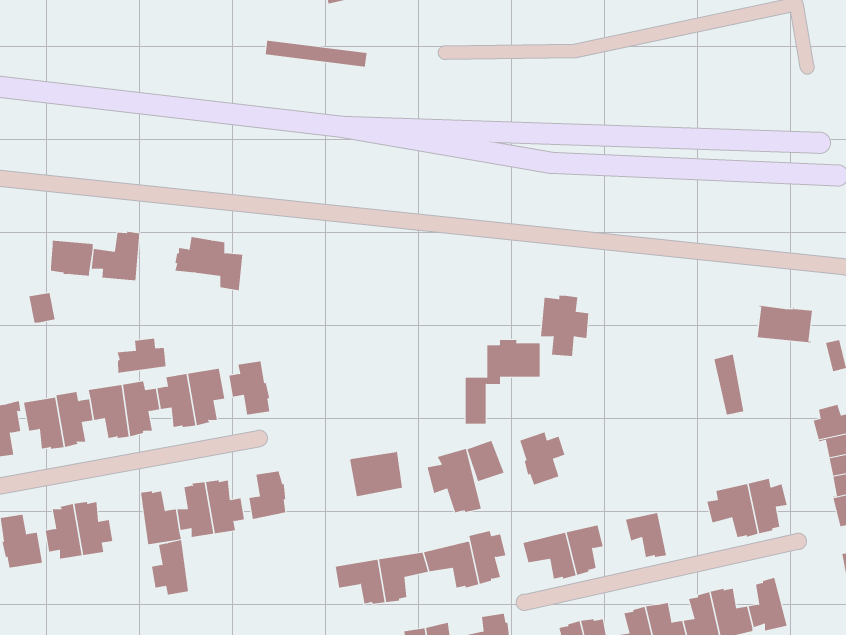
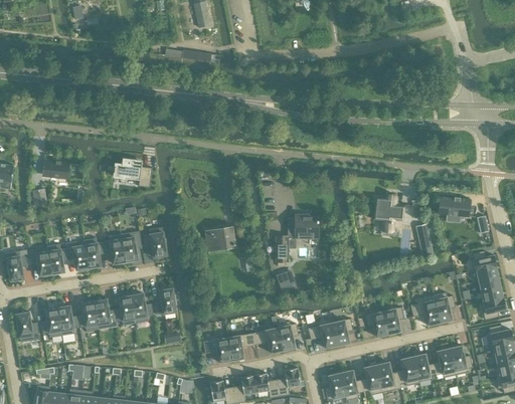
building: [91,231,140,281] -> none
building: [540,295,589,357] -> [375,196,402,230]
building: [117,338,166,373] -> none
building: [519,432,565,486] -> none
building: [427,448,482,513] -> none
building: [349,450,403,497] -> [205,226,235,252]
building: none -> [383,308,404,336]
building: [151,539,189,595] -> [77,300,99,332]
building: none -> [449,346,473,375]

